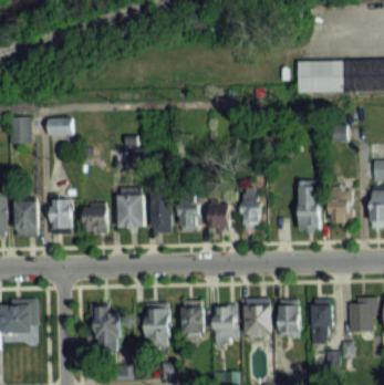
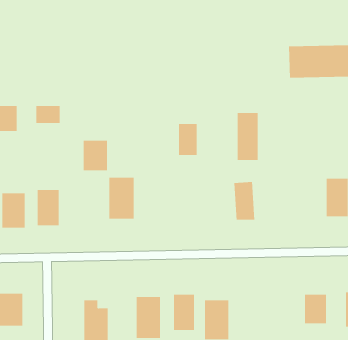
building: [300,185,321,231] -> [237,113,258,160]
building: [180,199,199,230] -> [178,124,197,155]
building: [152,200,173,231] -> none
building: [83,202,107,232] -> [83,140,108,171]
building: [209,204,228,230] -> none
building: [243,301,300,336] -> none

